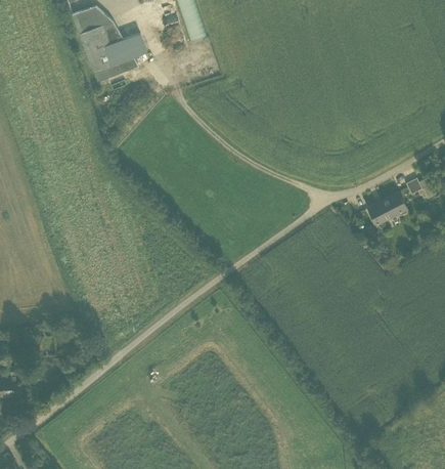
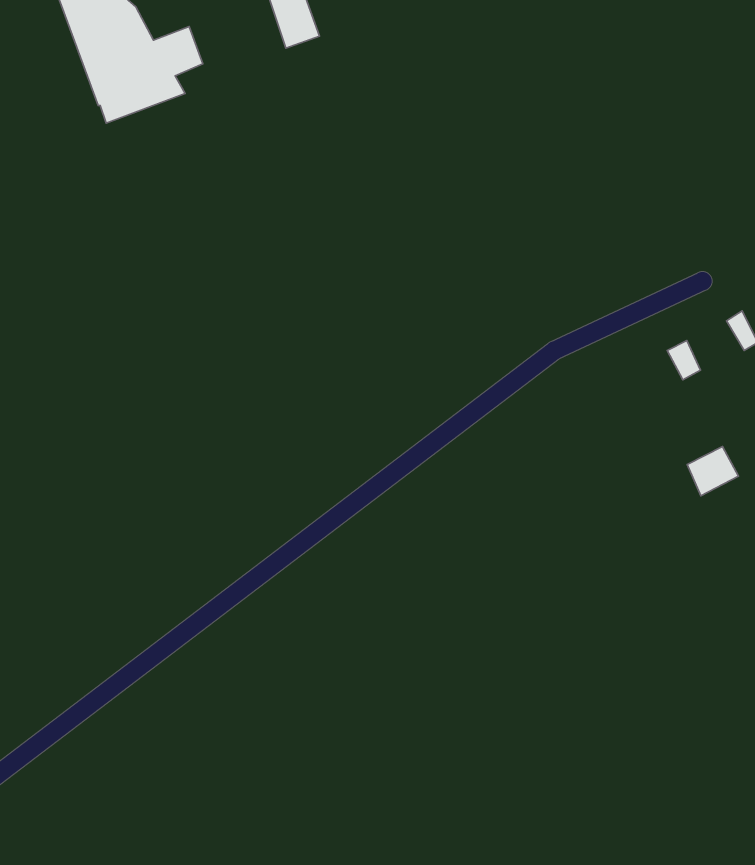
building: [369,198,396,223] -> [687,447,738,496]

